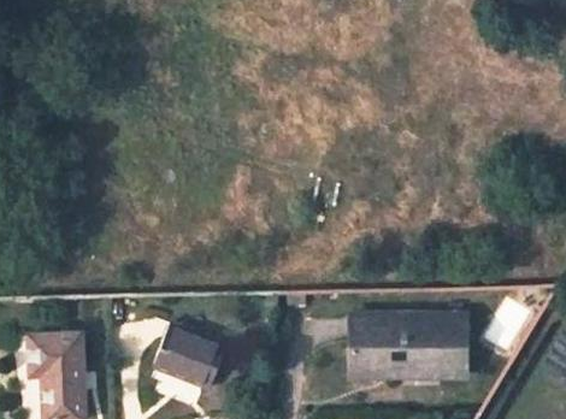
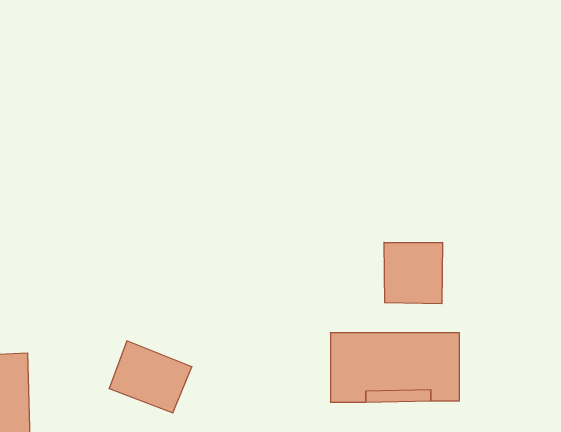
building: none -> [384,242,443,304]

